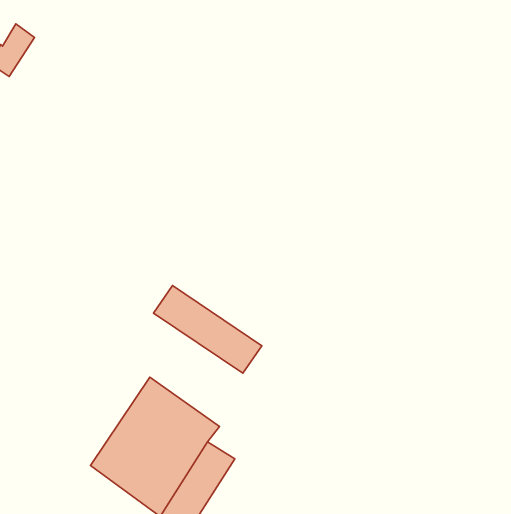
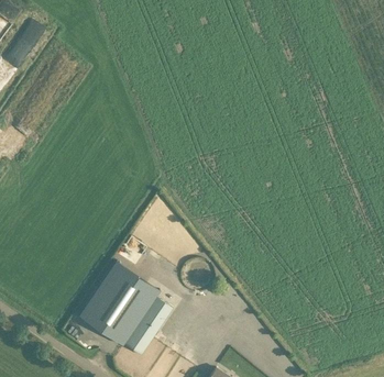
building: [153,285,262,373] -> none

